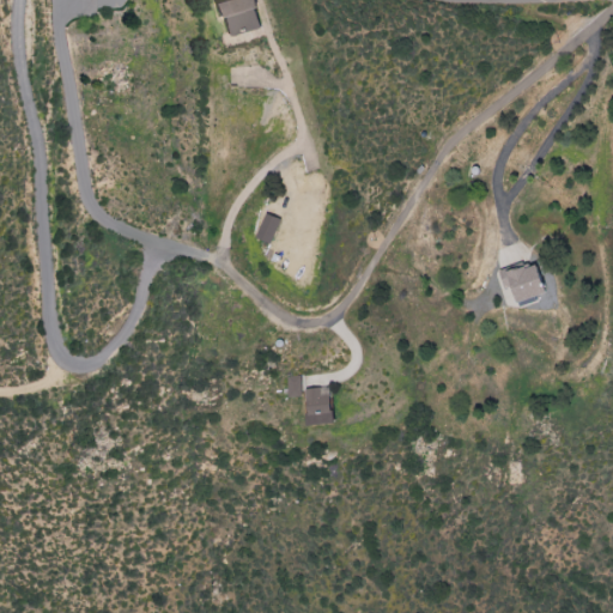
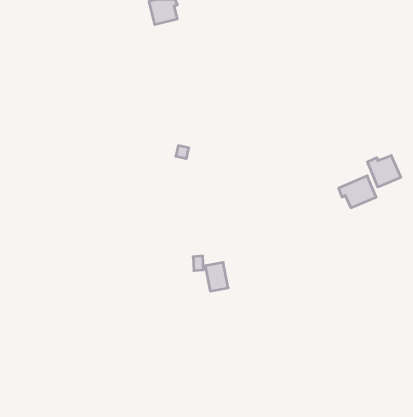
building: none -> [367,155,401,187]

